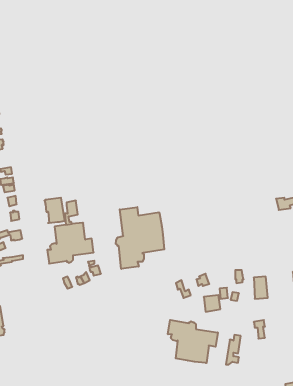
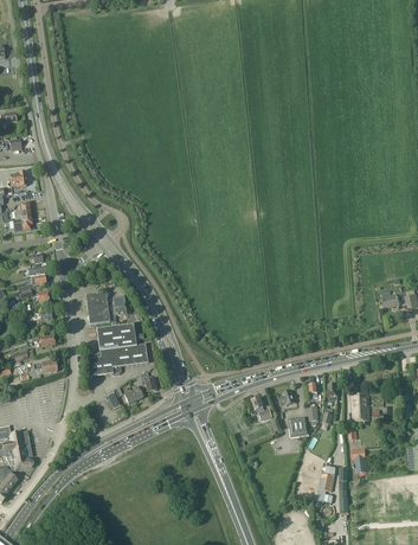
building: [116,207,164,269] -> none
building: [168,320,218,363] -> none

